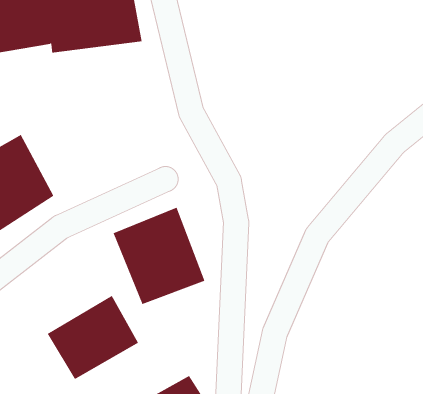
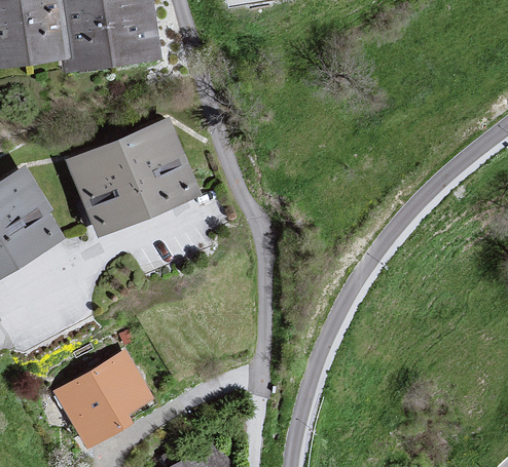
building: none -> [65,119,196,236]
building: [113,207,205,305] -> none

